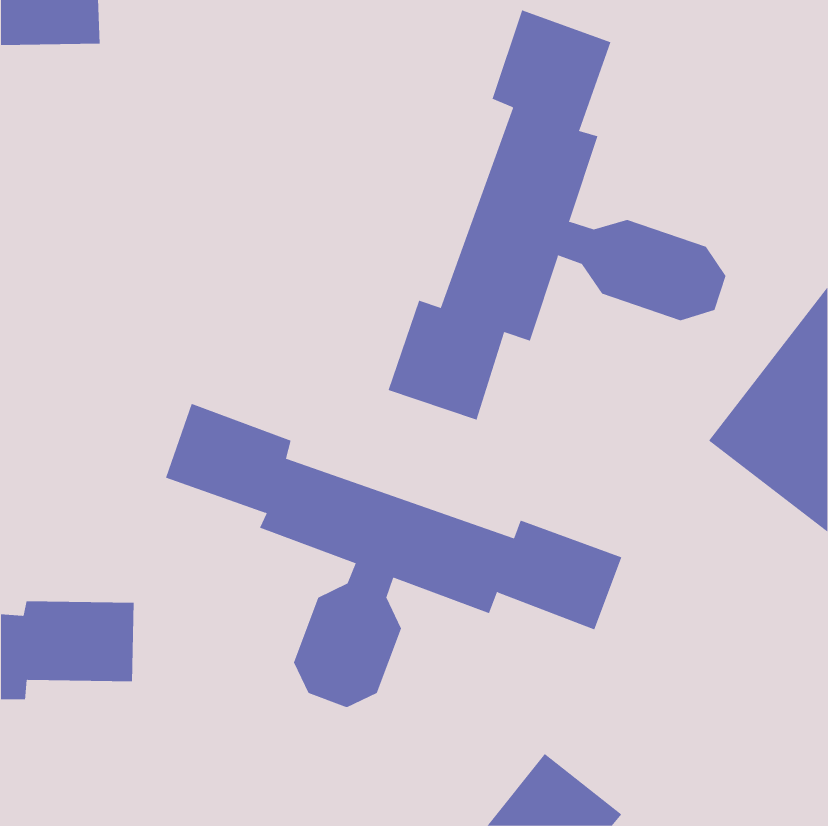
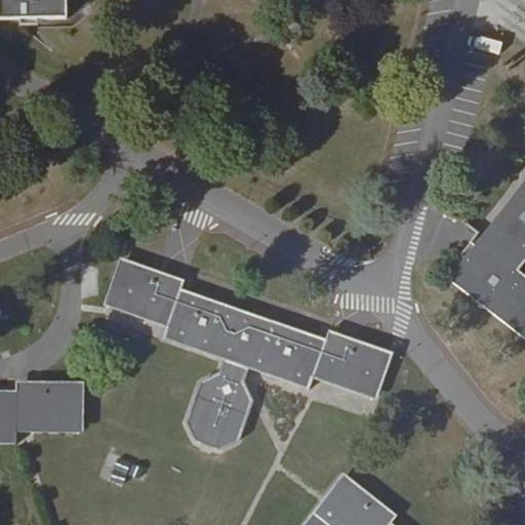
building: [388,10,726,421] -> none

